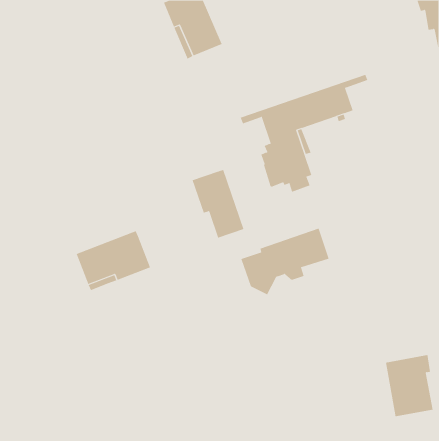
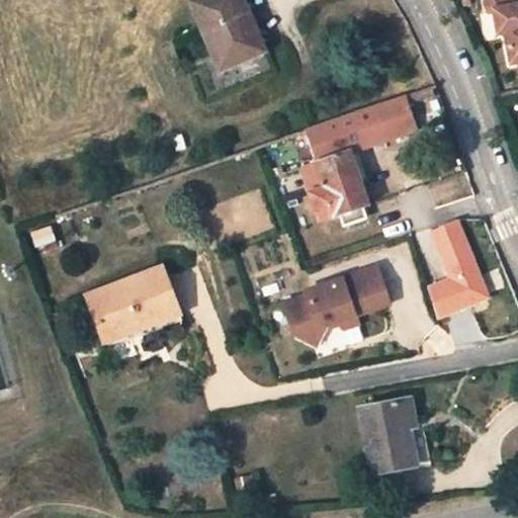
building: [192,169,244,238] -> none
building: none -> [425,218,491,320]
building: [385,355,434,417] -> [357,399,414,471]

